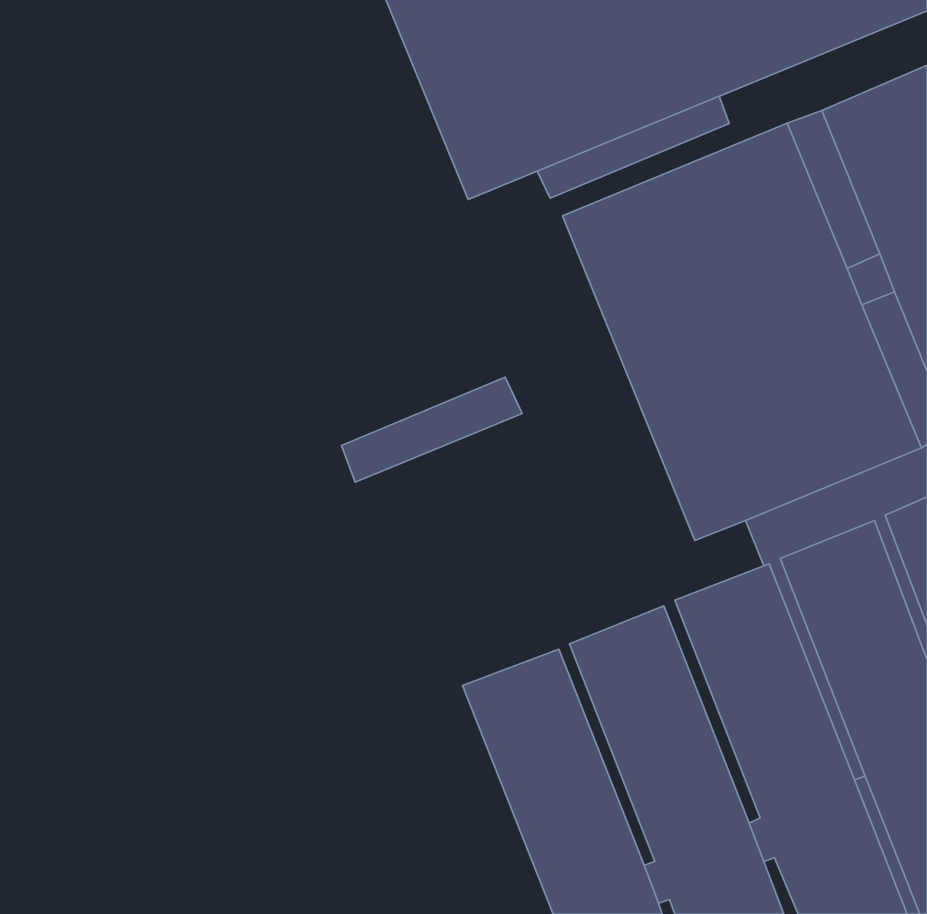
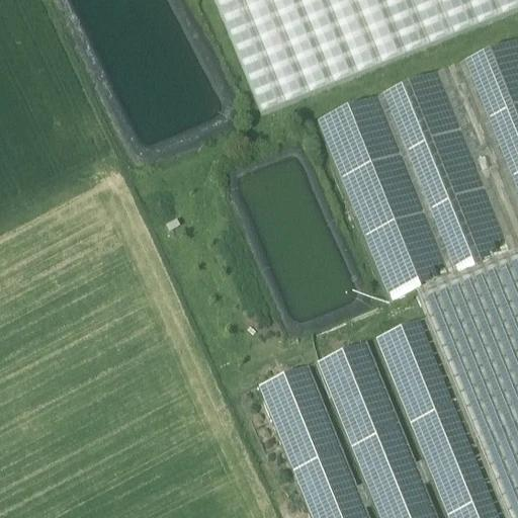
building: [537,96,729,198] -> none
building: [341,377,522,482] -> none

